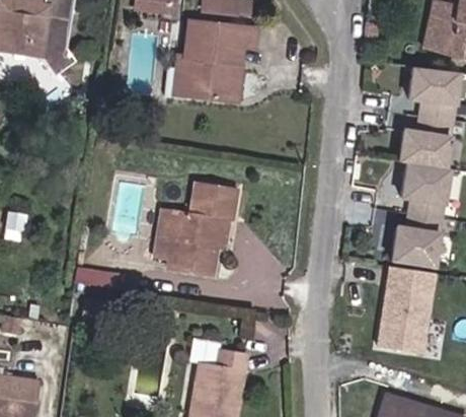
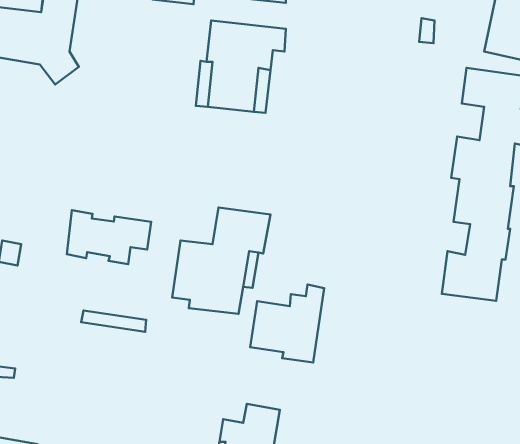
building: none -> [67,210,151,264]
building: none -> [250,284,324,362]
building: [378,266,438,353] -> none

